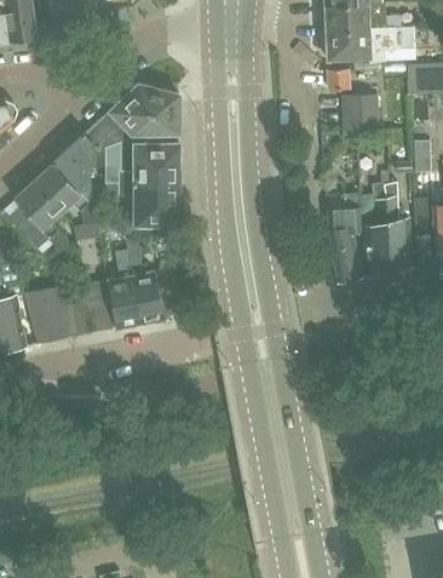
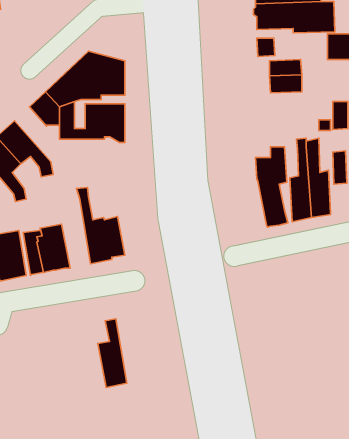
building: [53,145,104,213] -> none
building: [119,179,178,222] -> none
building: [107,250,139,327] -> [98,319,127,388]

